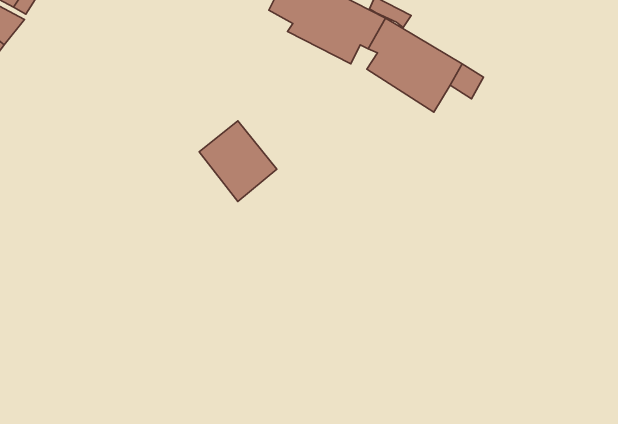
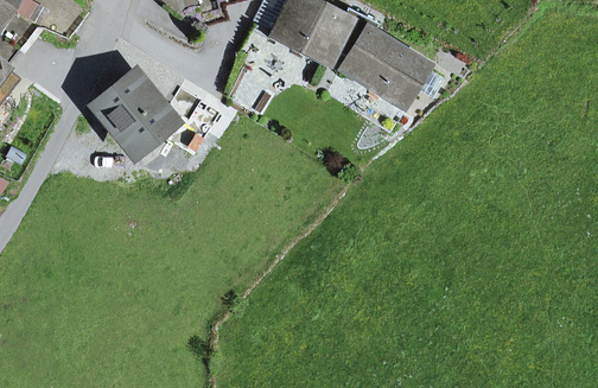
building: [199,121,277,201] -> [98,77,167,148]

